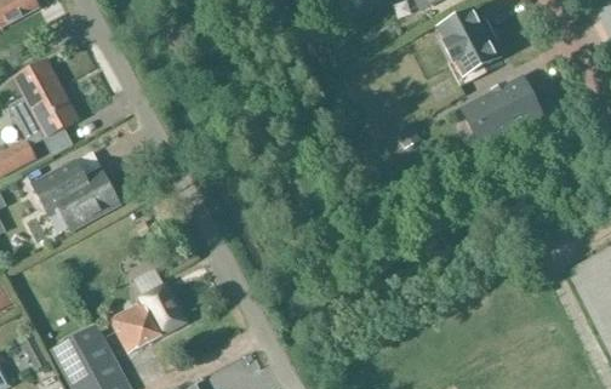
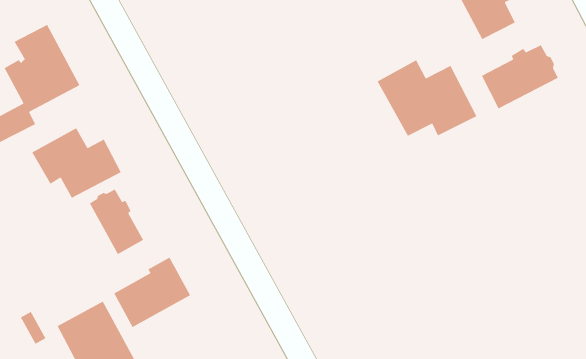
building: none -> [377,59,478,137]
building: none -> [89,188,144,255]

